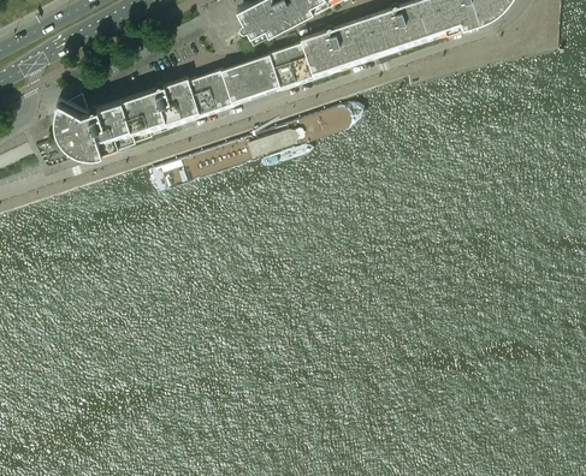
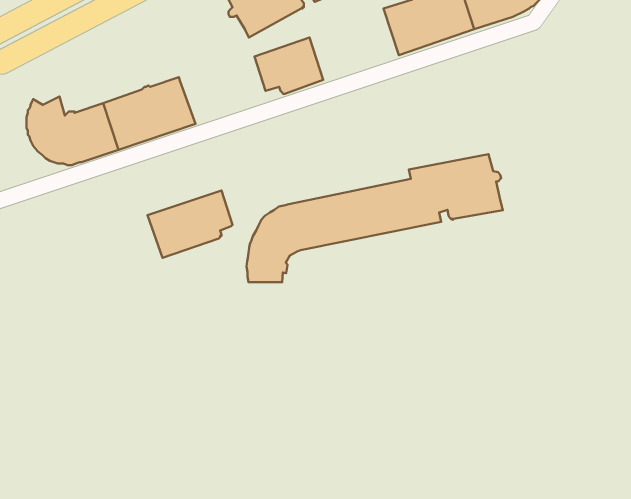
building: [301,19,380,82] -> none
building: [189,61,264,120] -> [147,191,233,258]
building: none -> [246,154,503,282]

